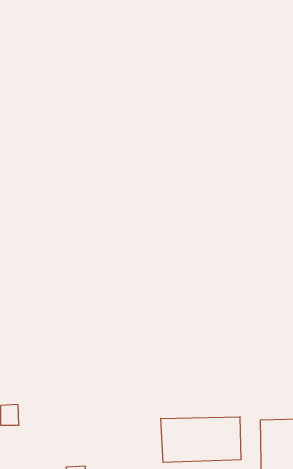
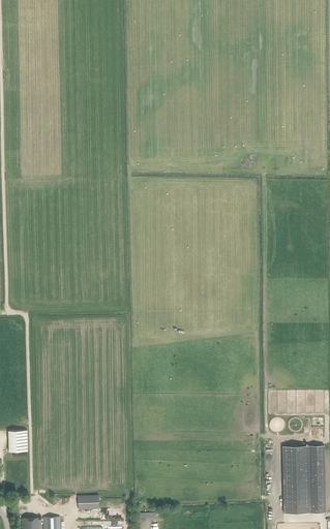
building: [161,417,241,462] -> none

